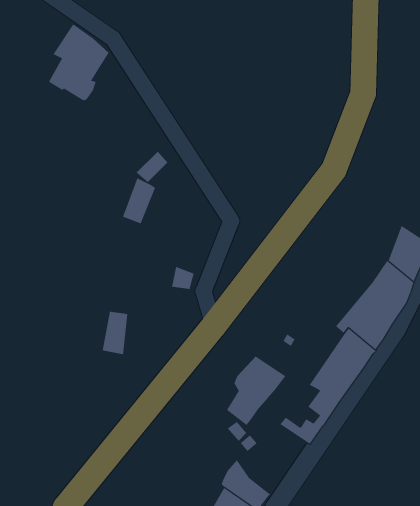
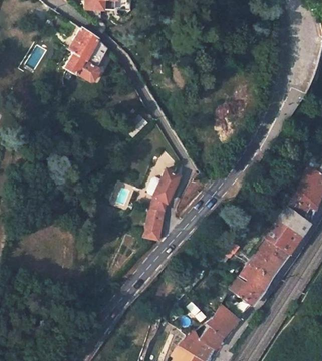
building: [122,177,156,224] -> [152,167,176,200]
building: [102,311,128,355] -> [144,209,163,239]
building: [226,356,286,426] -> [204,303,245,351]

